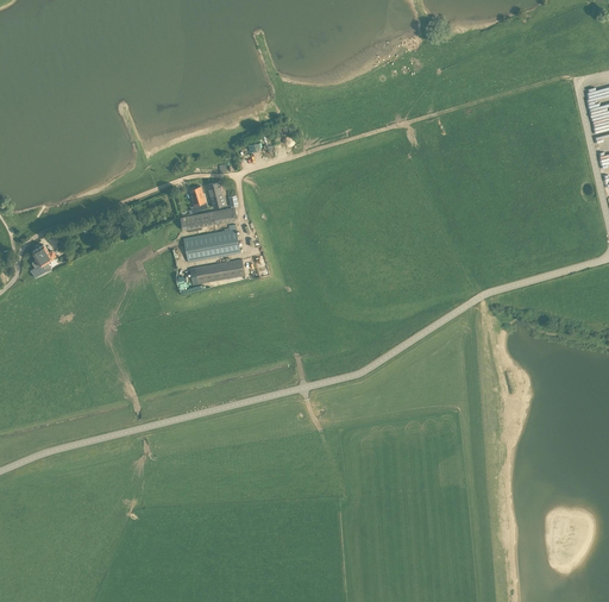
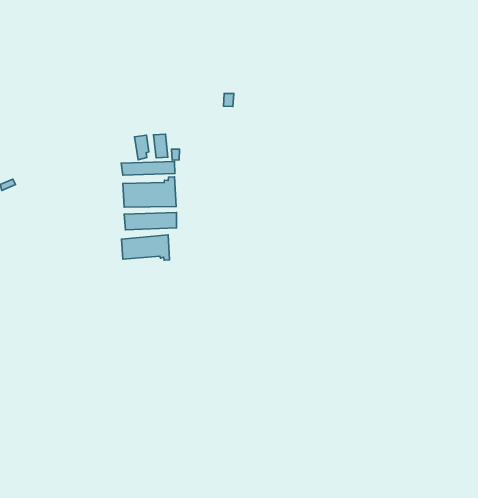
building: none -> [122,235,170,260]

